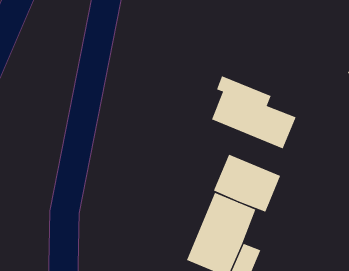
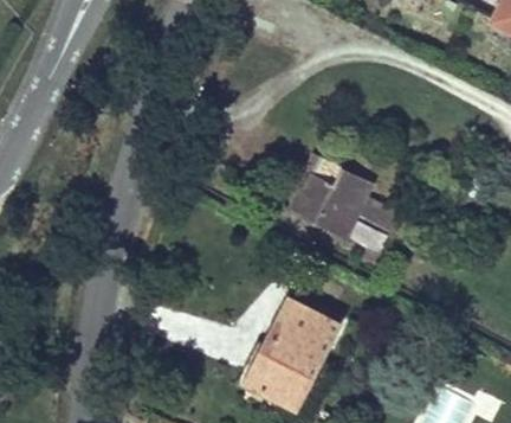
building: [213,154,281,212] -> none

